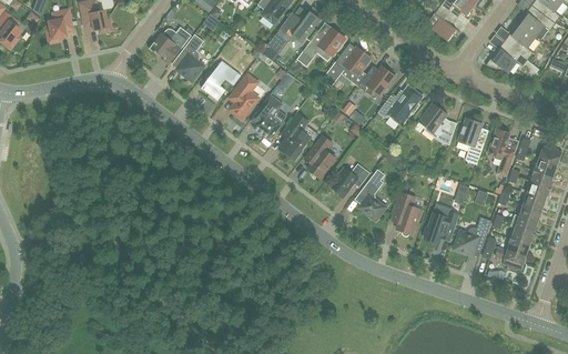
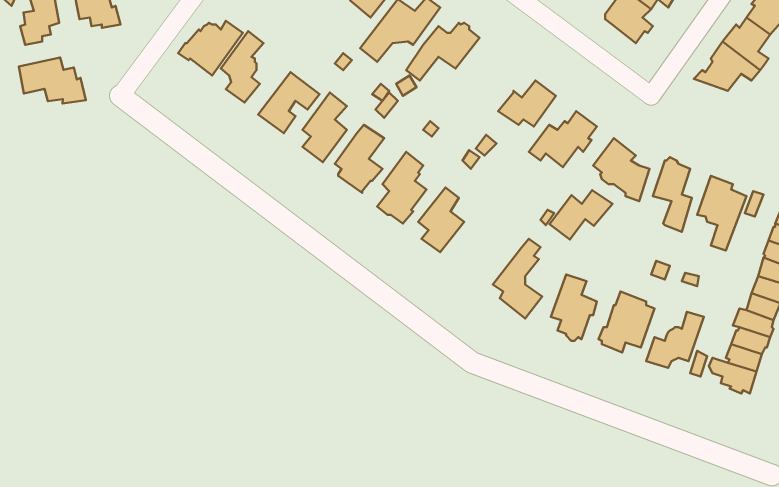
building: [321,47,372,87] -> none
building: none -> [19,58,86,104]
building: [329,163,371,195] -> [550,190,612,239]

